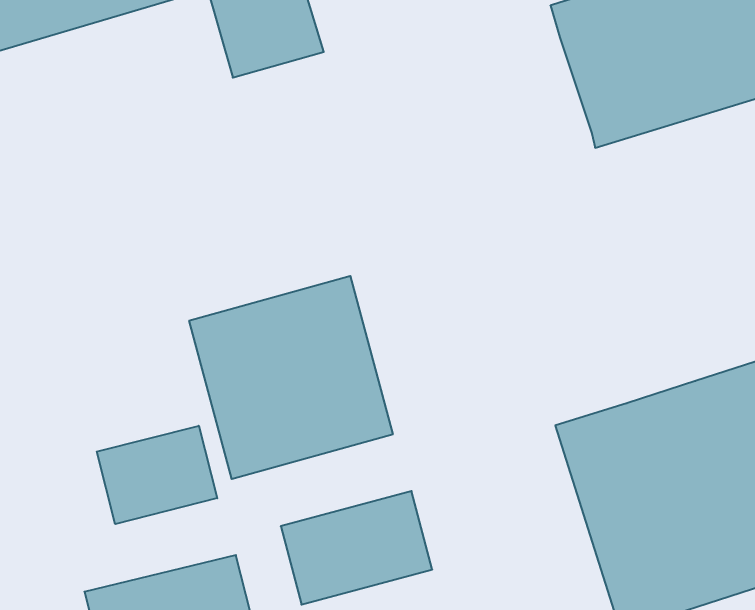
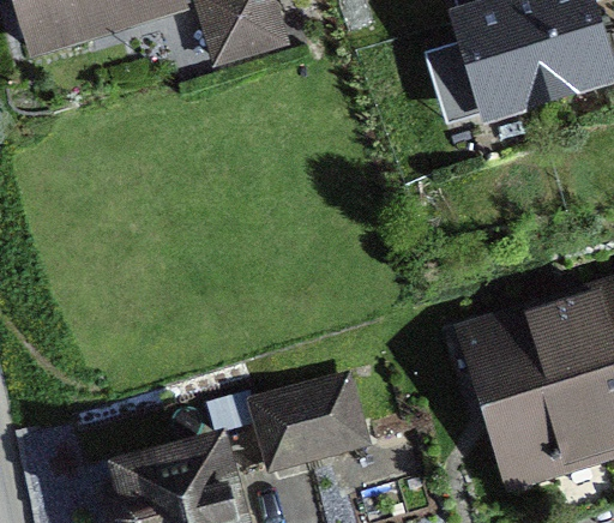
building: [189,276,393,479] -> none
building: [97,426,217,524] -> none

